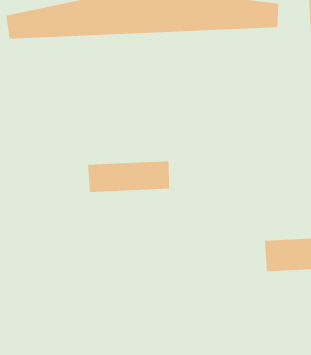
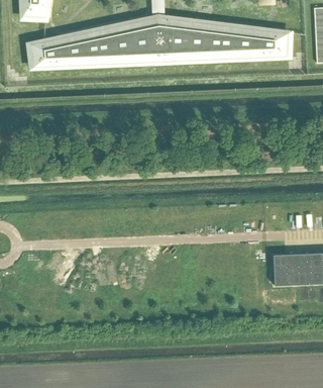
building: [87,160,170,193] -> none

